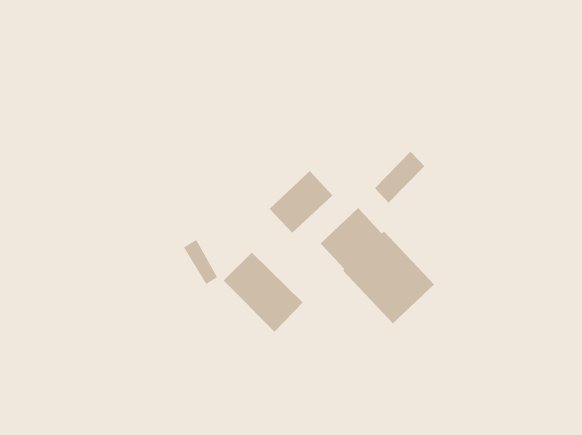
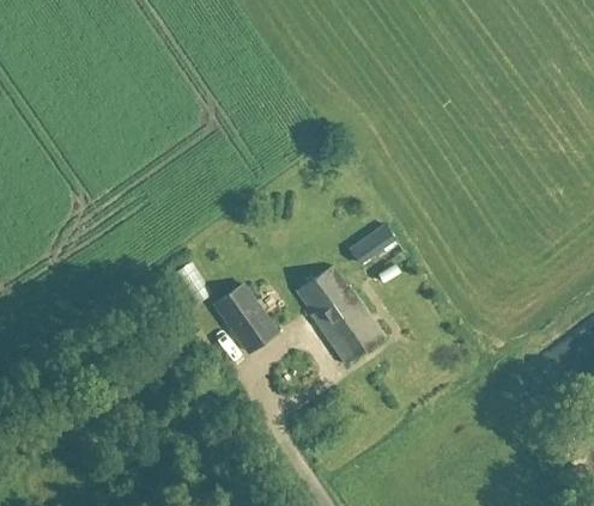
building: [269,170,333,233] -> none

